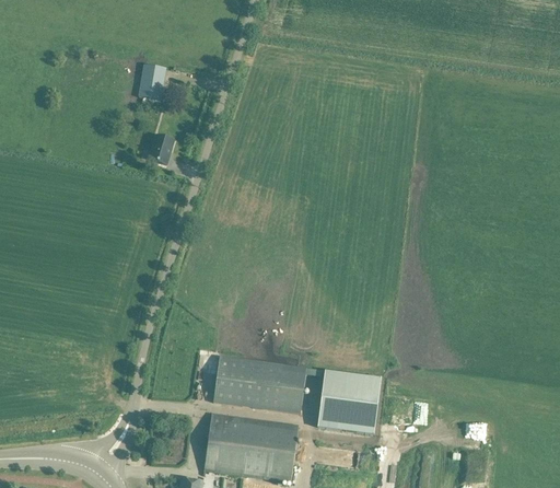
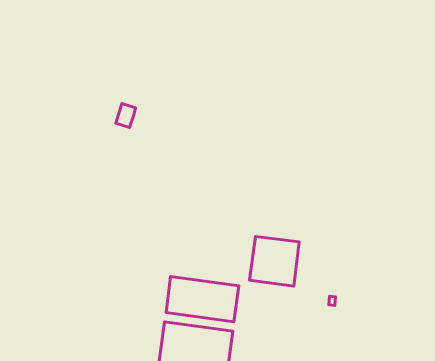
building: [137,62,164,100] -> none
building: [317,371,381,434] -> [249,237,299,286]

